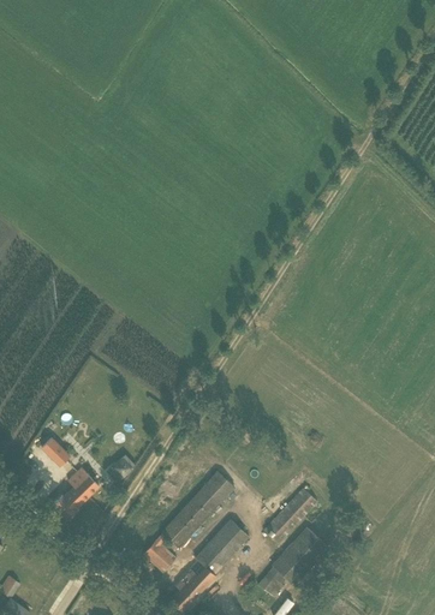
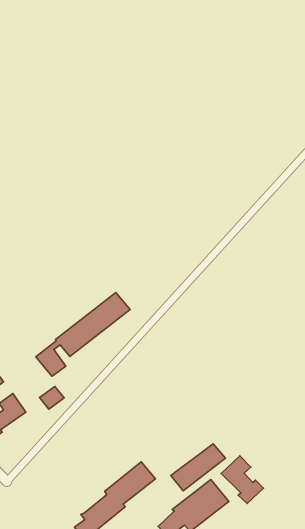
building: [143,472,236,572] -> [36,293,130,376]
building: none -> [221,456,263,503]

